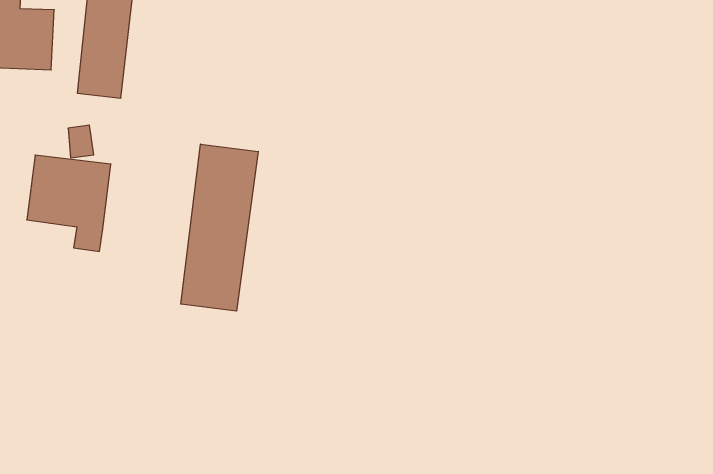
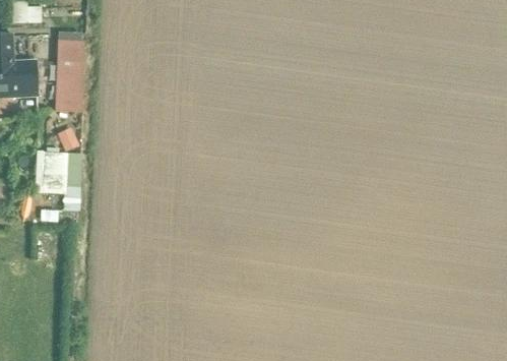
building: [181,144,258,311] -> none

